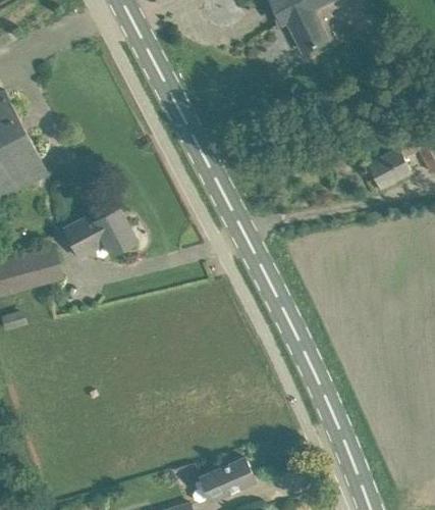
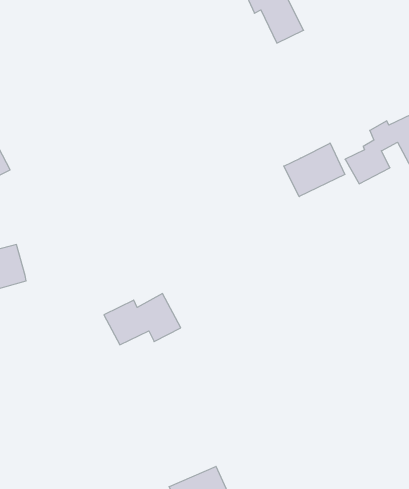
building: none -> [284,143,345,197]
building: [62,208,135,257] -> [104,294,181,345]

